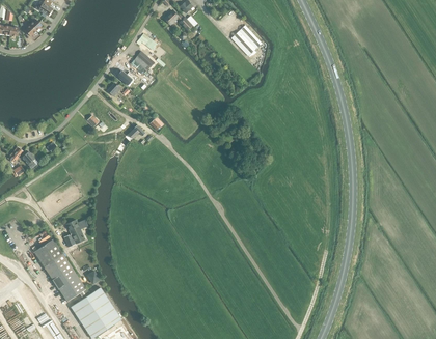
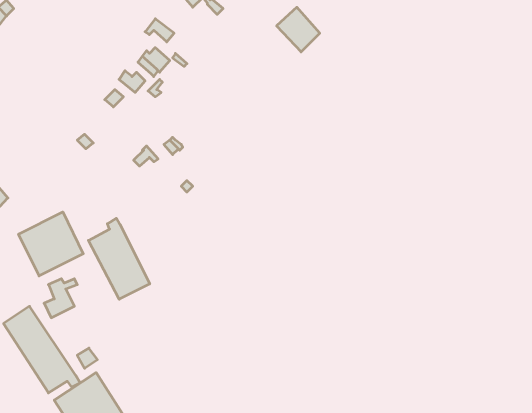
building: none -> [19,212,83,276]
building: none -> [88,218,150,299]

